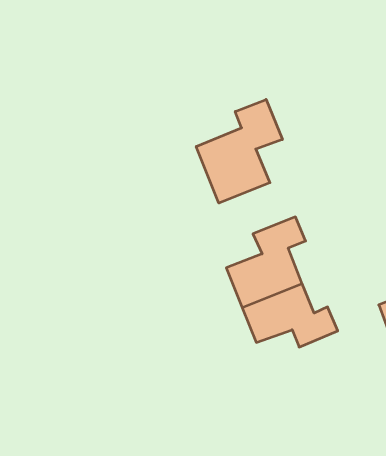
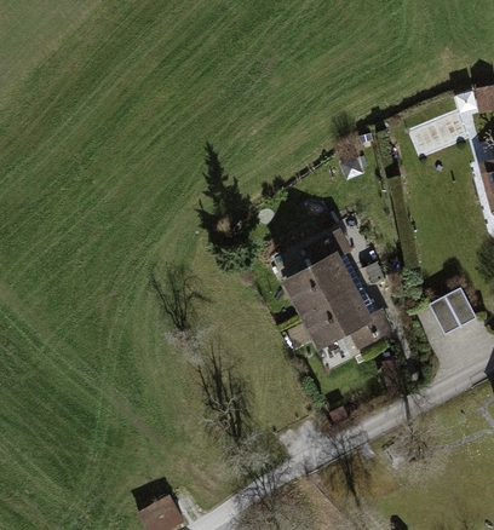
building: [196,99,282,203] -> none

